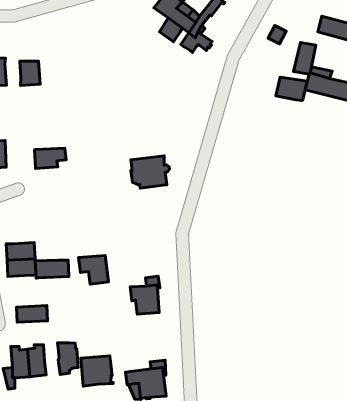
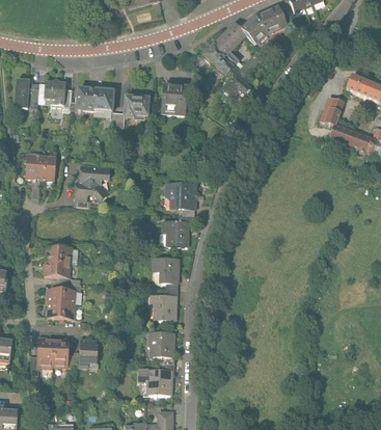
building: none -> [161,80,188,113]
building: none -> [94,86,114,109]
building: none -> [124,92,149,114]
building: [276,77,307,100] -> none
building: none -> [76,180,109,198]
building: none -> [162,221,188,247]
building: [79,255,109,284] -> [154,259,178,284]
building: [35,260,69,278] -> [47,286,77,303]
building: [81,356,113,386] -> [147,333,174,359]

